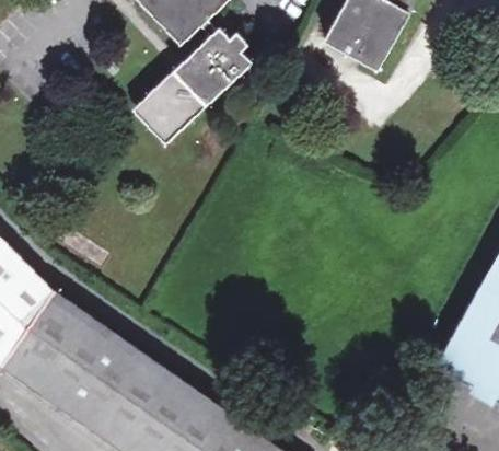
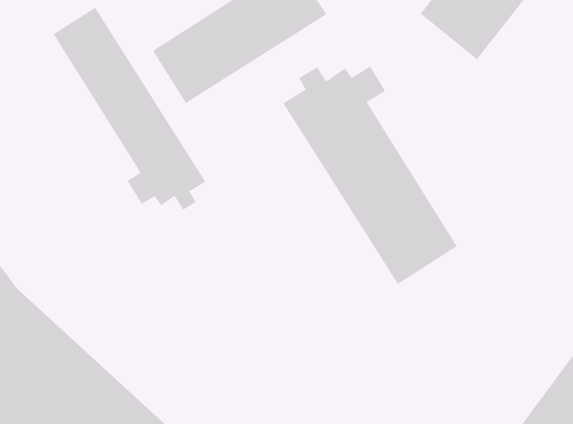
building: none -> [53,7,206,210]
building: none -> [283,66,457,285]

